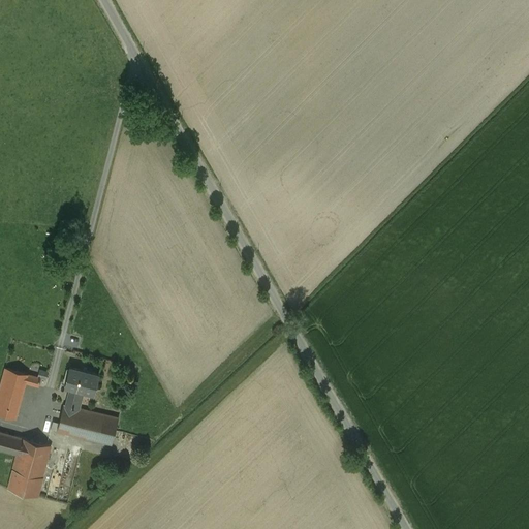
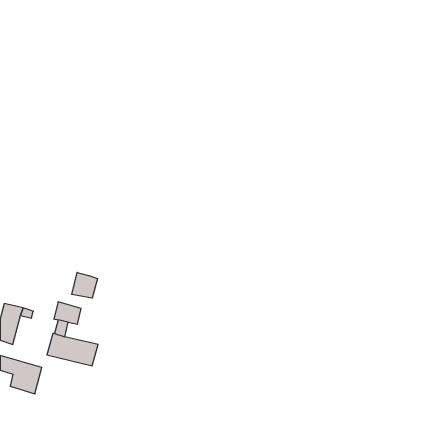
building: none -> [72,272,98,298]
building: [7,470,42,498] -> none

